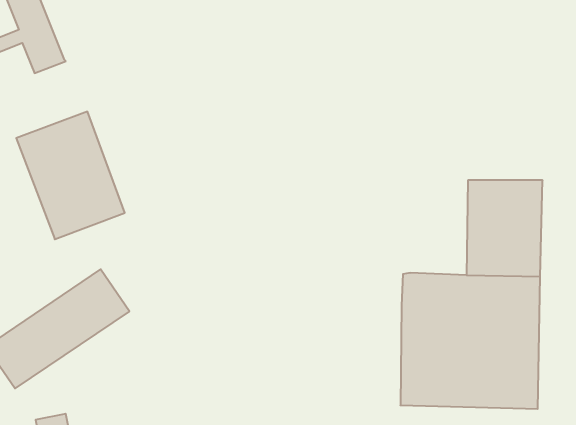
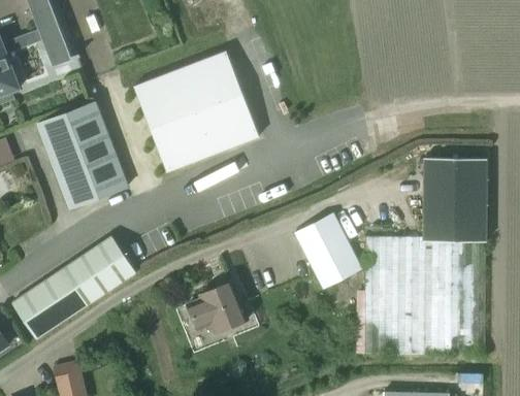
building: none -> [133,52,258,171]
building: none -> [295,213,360,288]
building: none -> [186,280,247,331]

